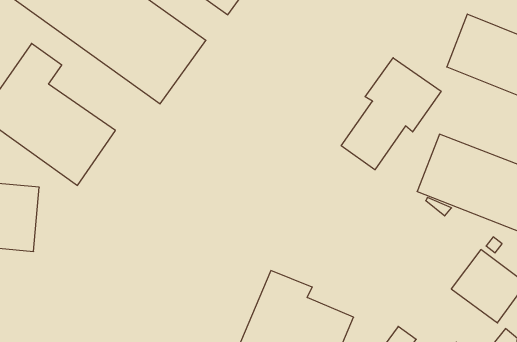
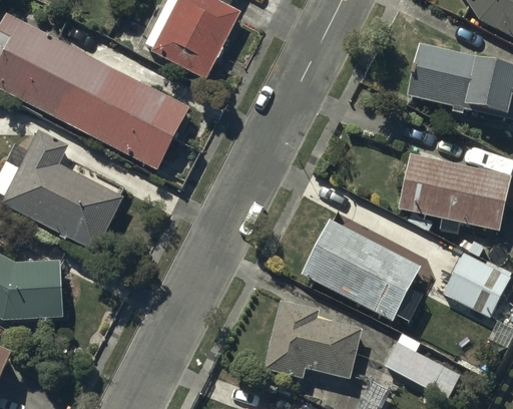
building: [341,58,441,170] -> none
building: none -> [301,218,425,322]

